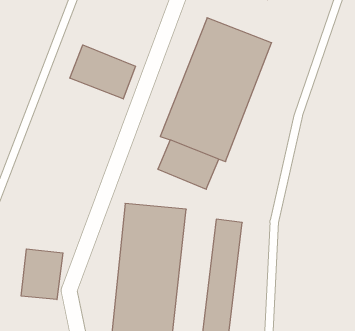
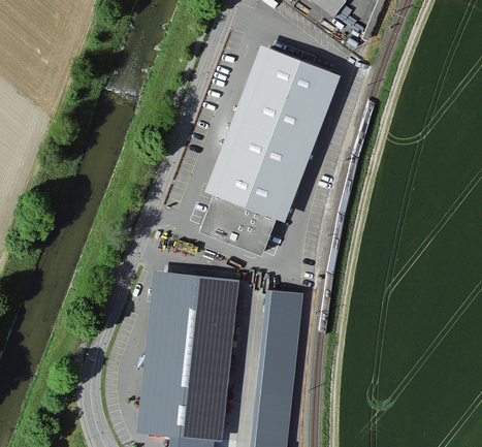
building: [70,45,135,99] -> none
building: [21,249,63,300] -> none

